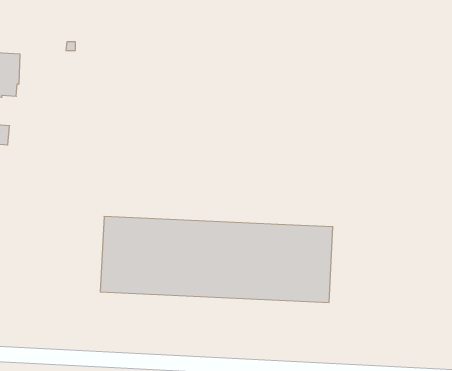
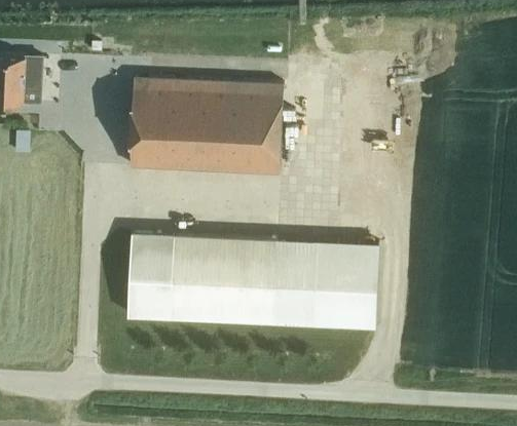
building: none -> [130,80,282,173]

